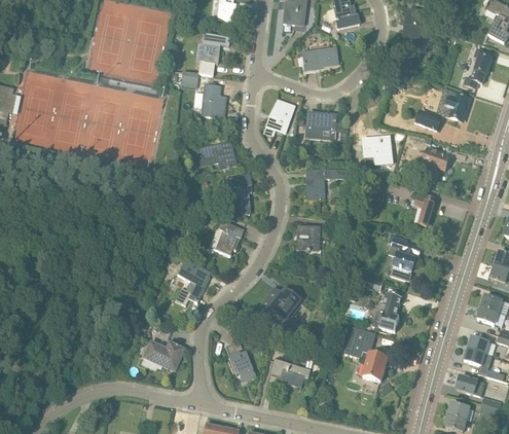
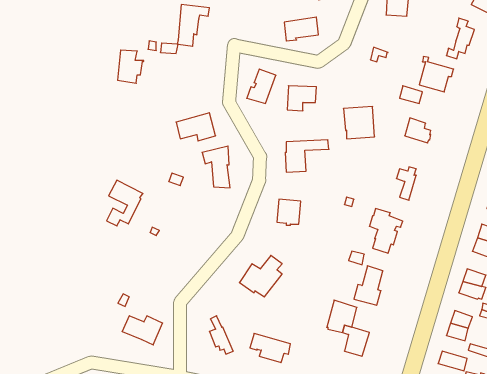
building: [201,84,226,117] -> [118,50,144,83]
building: [215,219,243,254] -> none
building: [175,258,211,303] -> [107,180,143,226]

